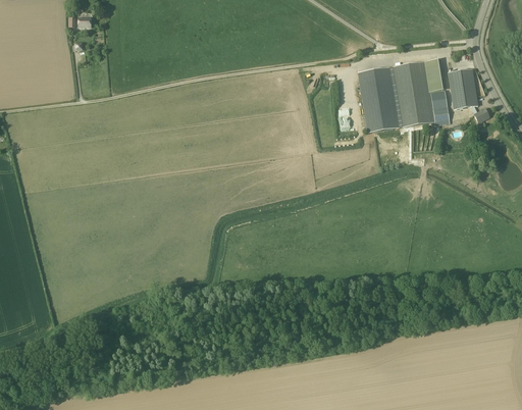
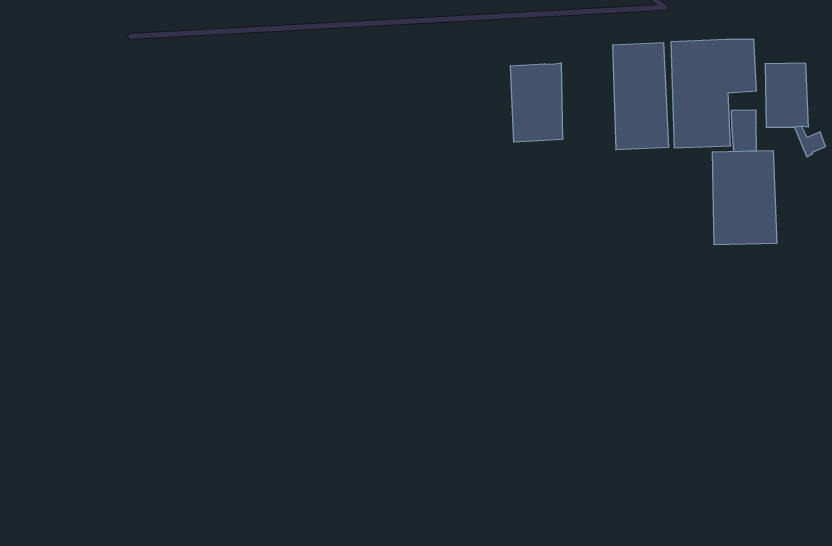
building: none -> [510,63,563,142]
building: none -> [713,151,777,245]

